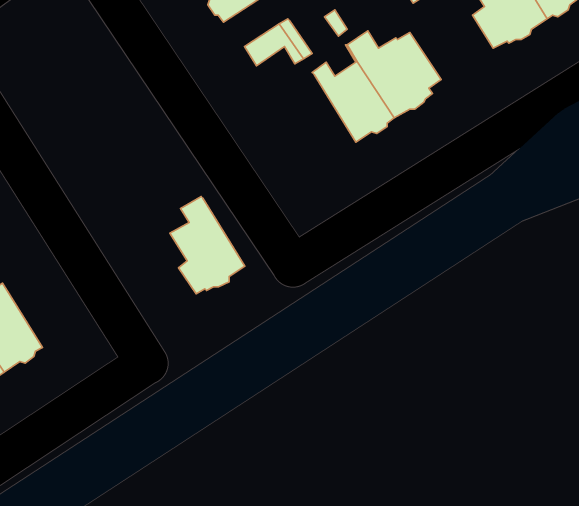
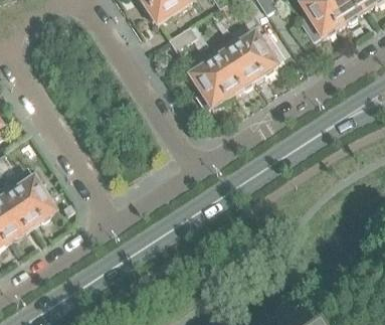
building: [170,196,245,294] -> [191,51,234,108]

